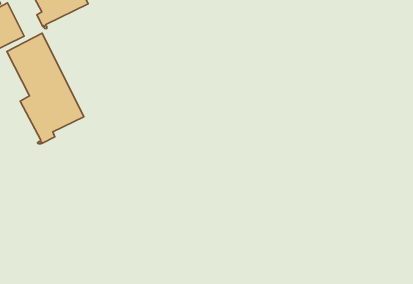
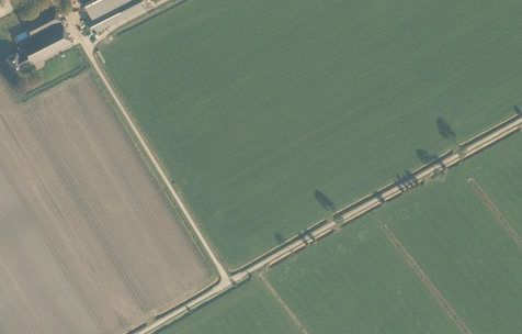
building: [7,33,84,144] -> none

